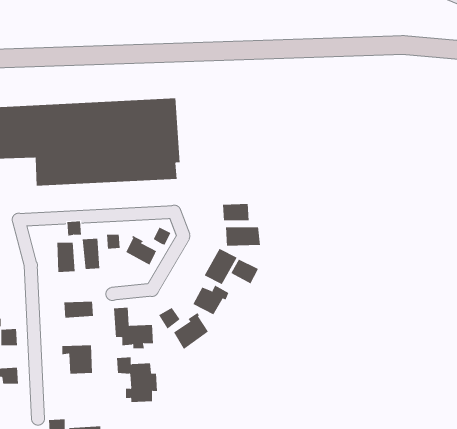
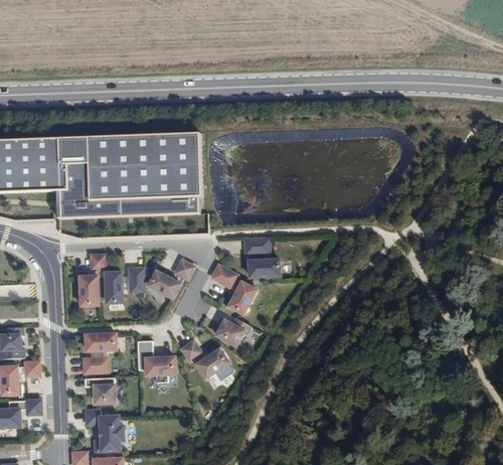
building: [230,259,259,284] -> [210,263,238,288]
building: none -> [82,355,109,372]
building: [116,357,158,403] -> [85,408,126,453]

